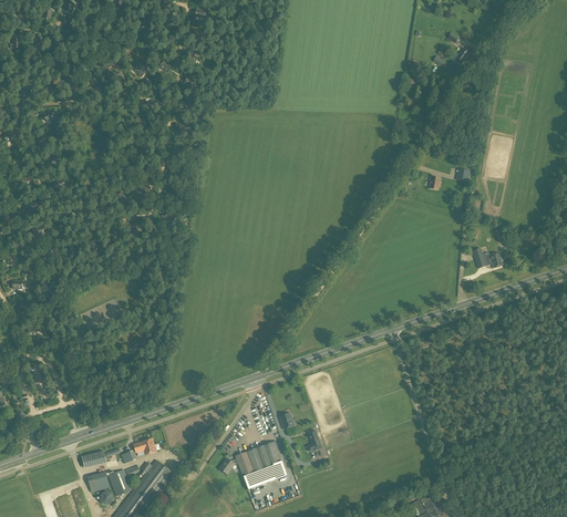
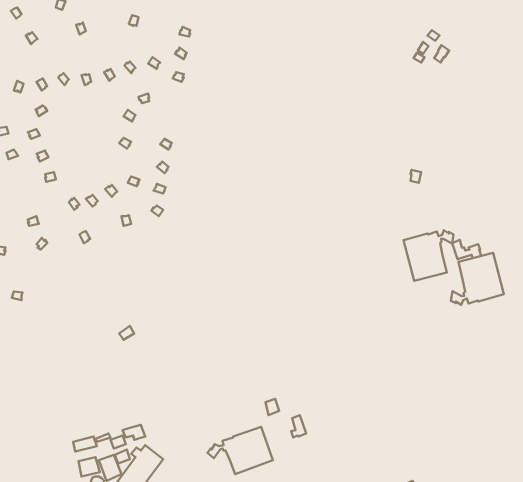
building: none -> [403,230,454,281]
building: none -> [451,253,504,305]

